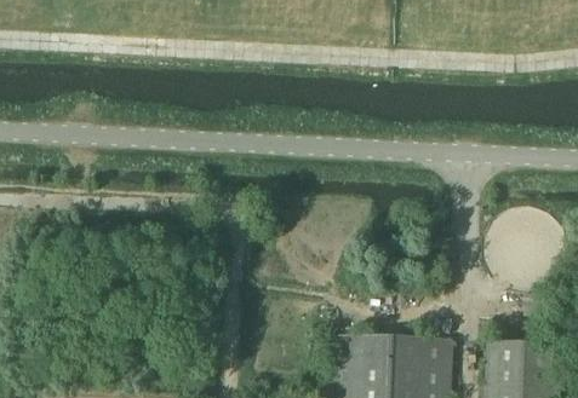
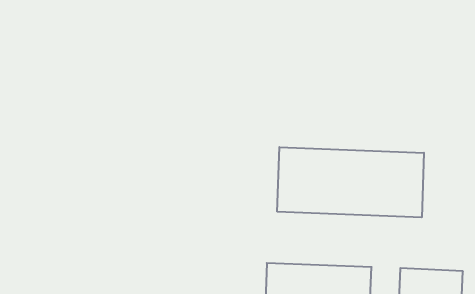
building: none -> [277,147,424,217]

